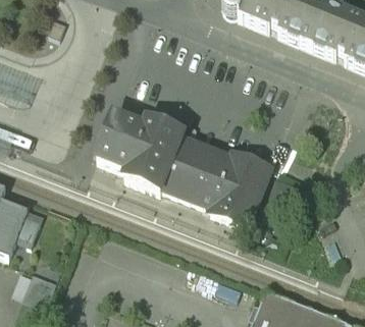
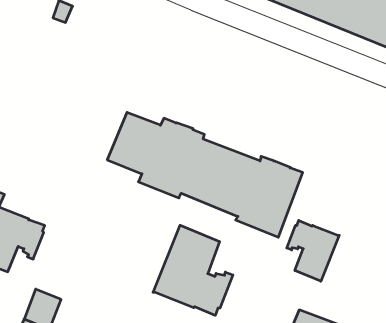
building: none -> [287,220,339,281]
building: none -> [153,225,233,315]

